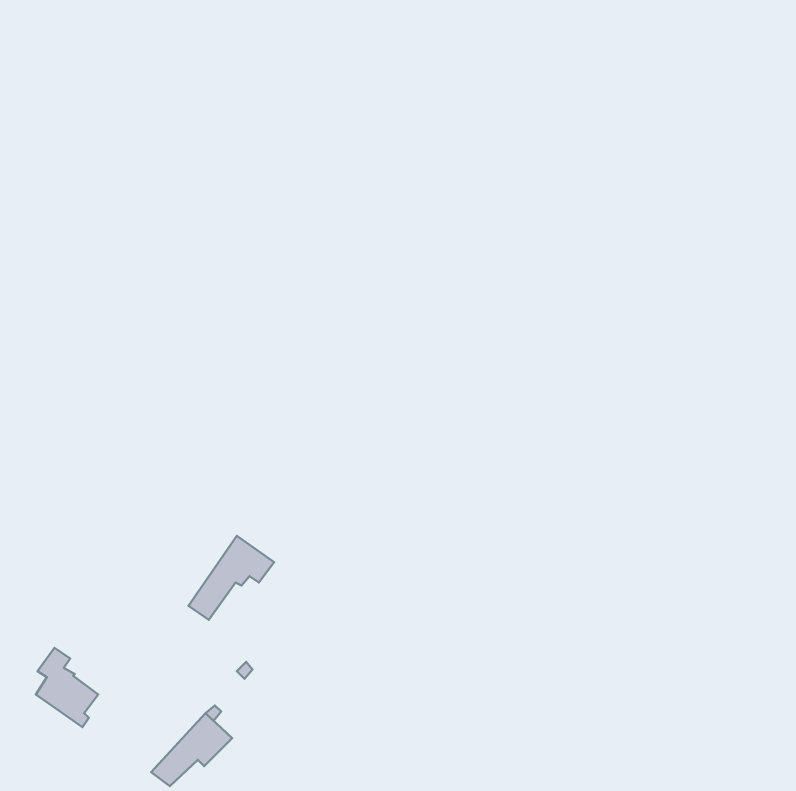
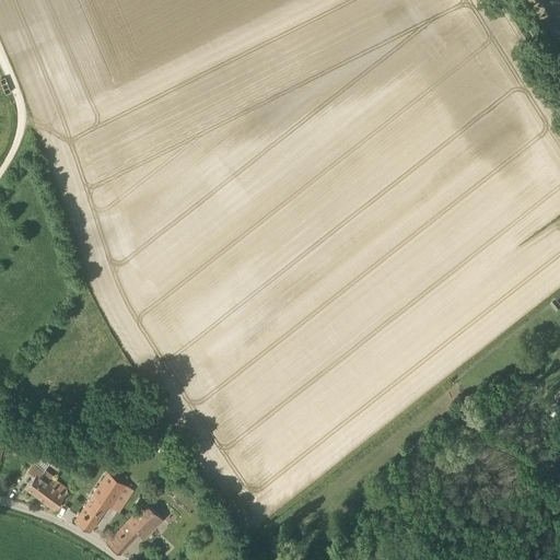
building: [189,536,274,620] -> [74,475,135,534]

